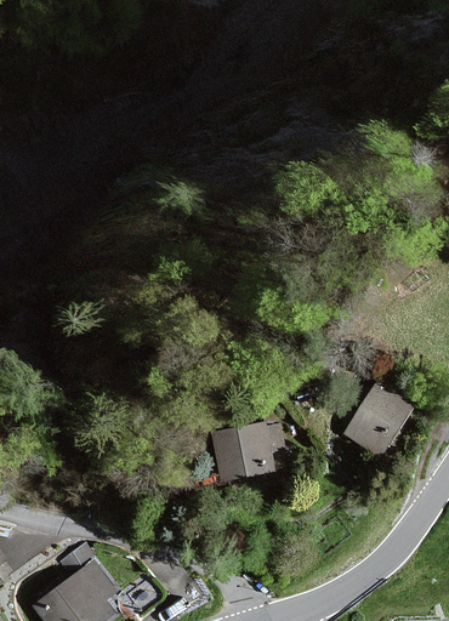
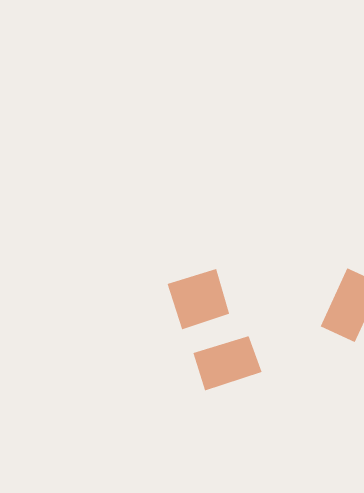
building: none -> [167,268,230,330]

